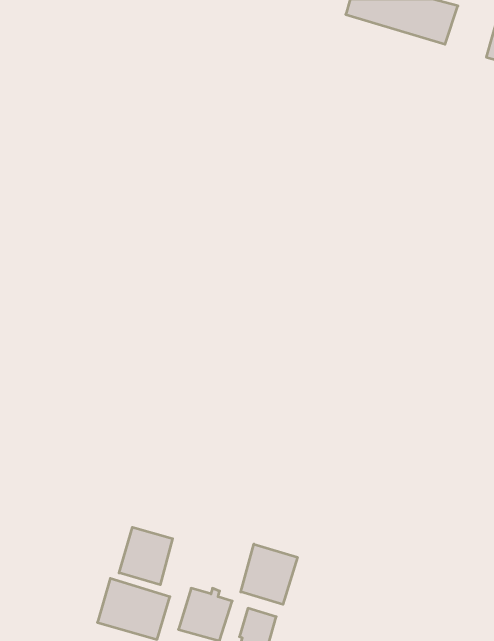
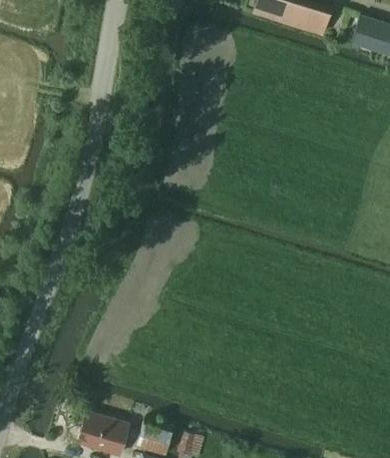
building: [119,527,173,585] -> none
building: [241,544,297,604] -> none

